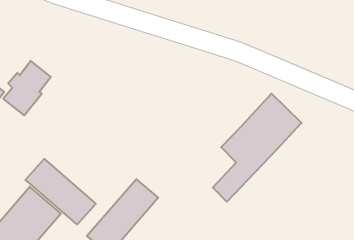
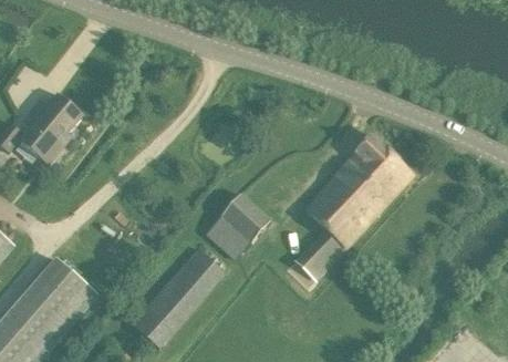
building: none -> [206,194,269,258]
building: [25,159,96,225] -> none

